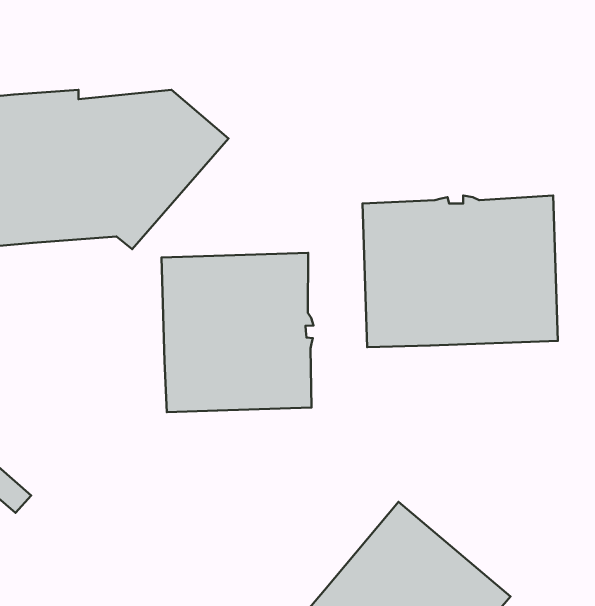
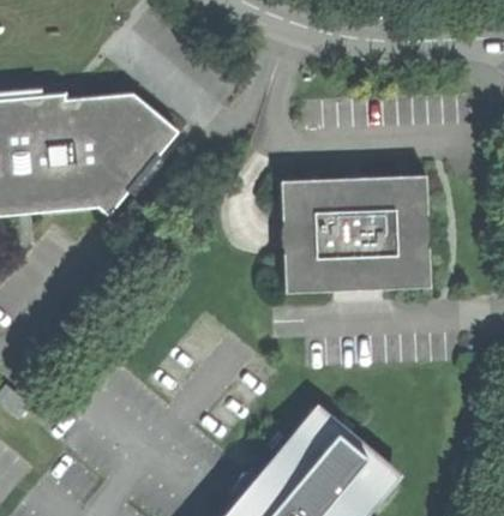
building: [162,253,313,412] -> none

